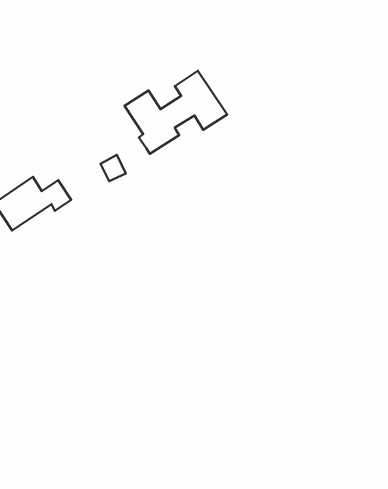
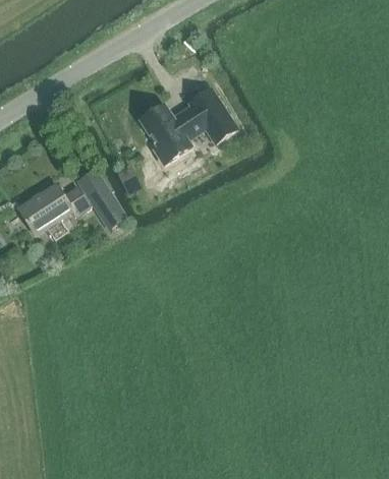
building: none -> [76,169,127,229]

